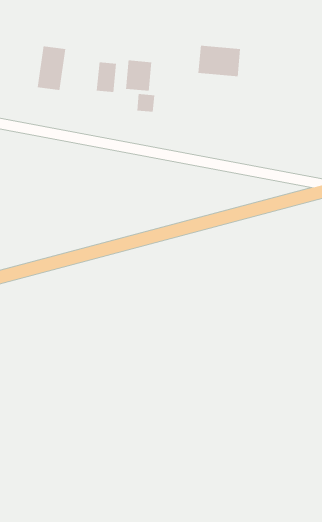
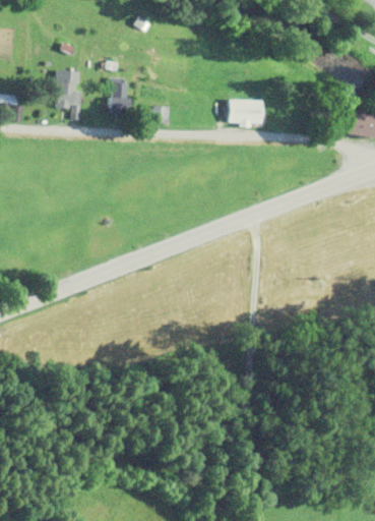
building: [198,45,241,77] -> [226,99,264,125]
building: [126,60,152,92] -> none

